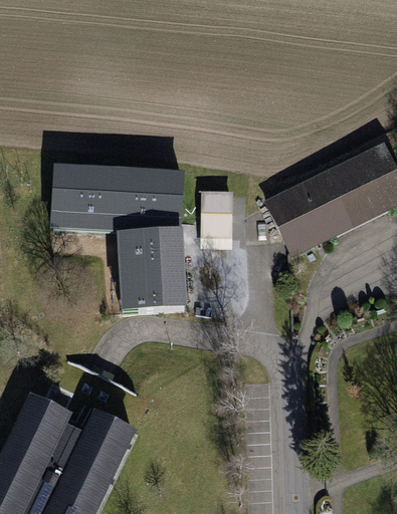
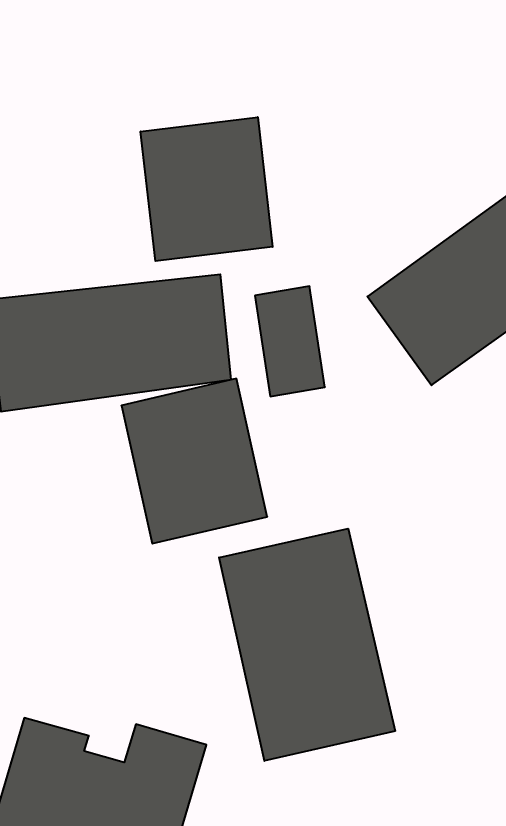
building: none -> [141,117,273,261]
building: none -> [219,529,395,761]

